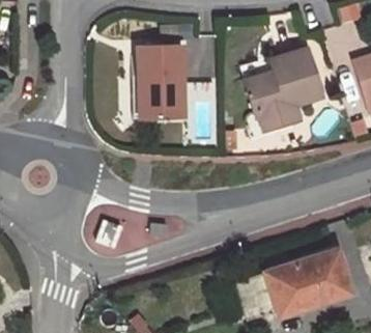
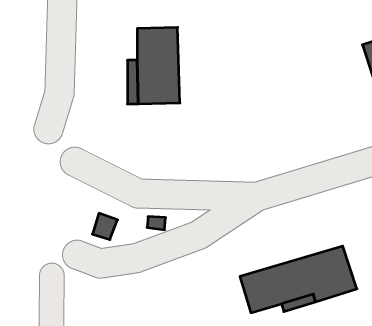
building: [246,48,320,130] -> none

